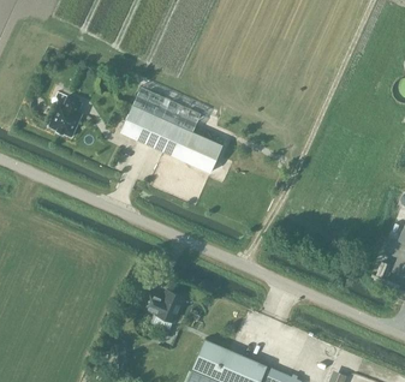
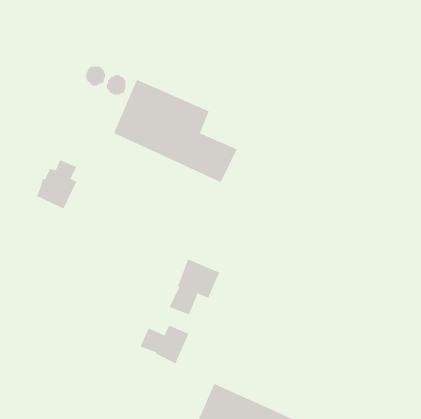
building: [52,97,85,138] -> [36,160,77,209]
building: none -> [169,258,220,315]

